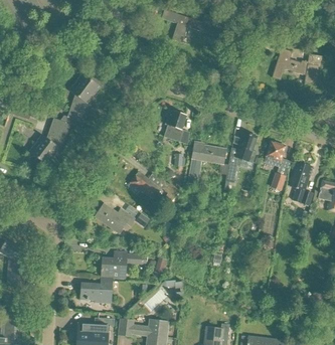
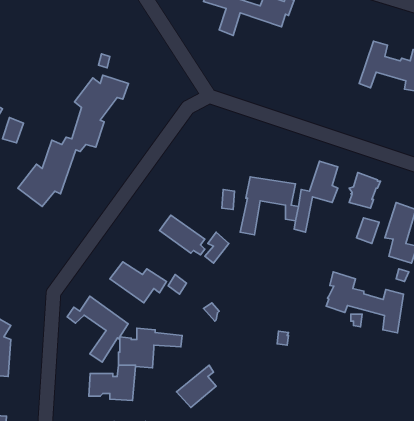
building: [164,111,185,142] -> none
building: none -> [326,272,403,333]
building: none -> [67,296,128,362]

